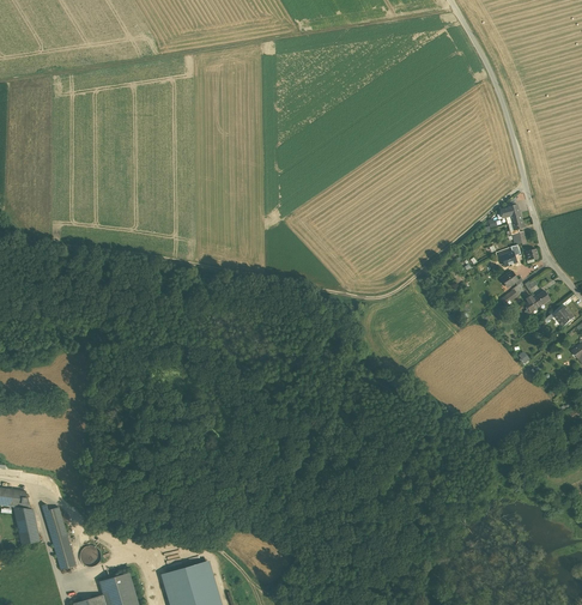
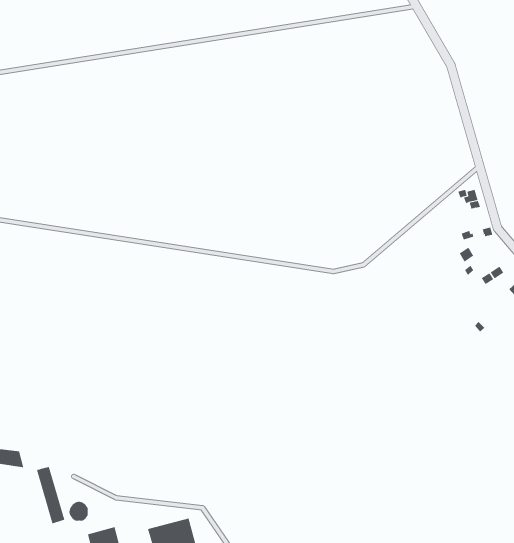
building: [13,507,38,545] -> none

